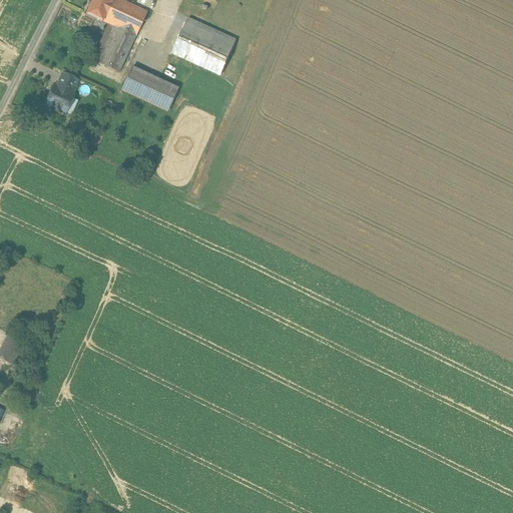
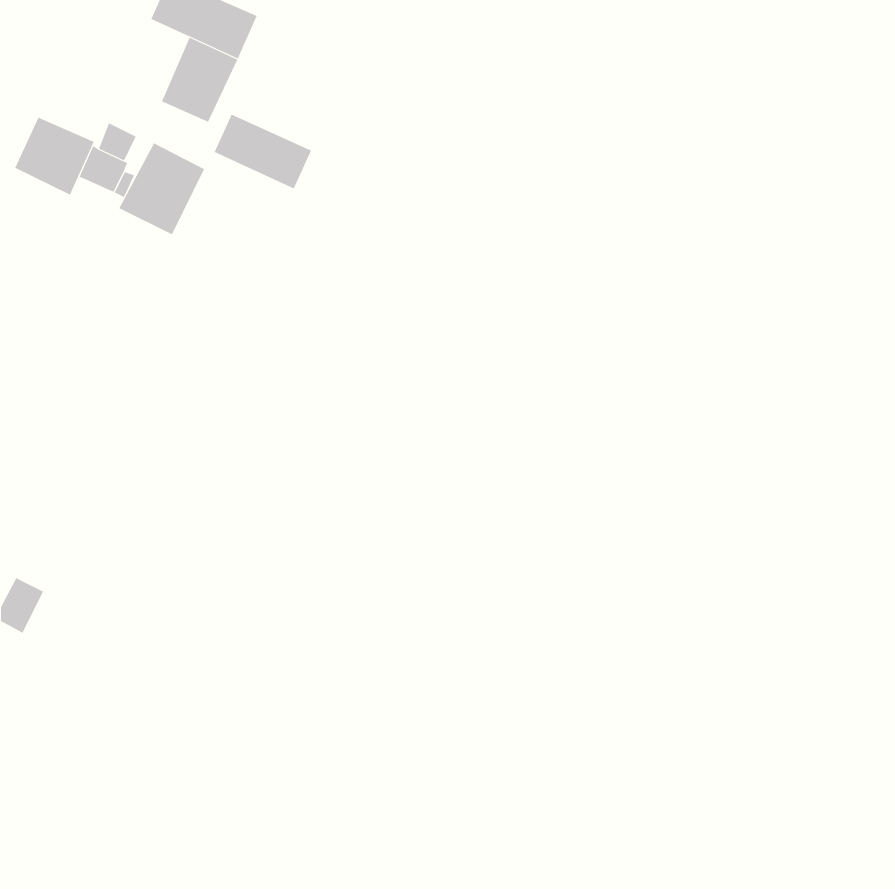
building: [172,16,235,72] -> none
building: none -> [14,117,94,195]
building: none -> [119,143,205,235]

